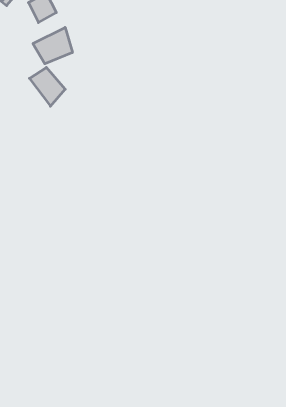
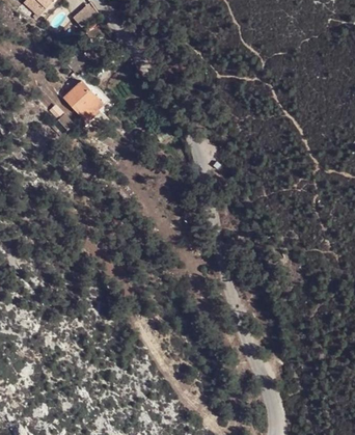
building: [33,27,72,64] -> none

